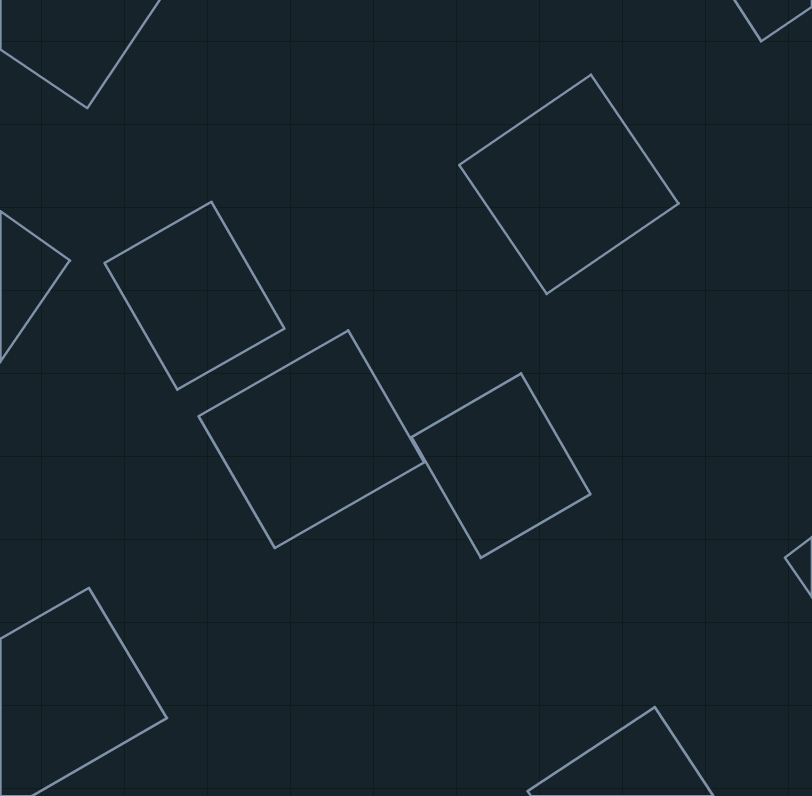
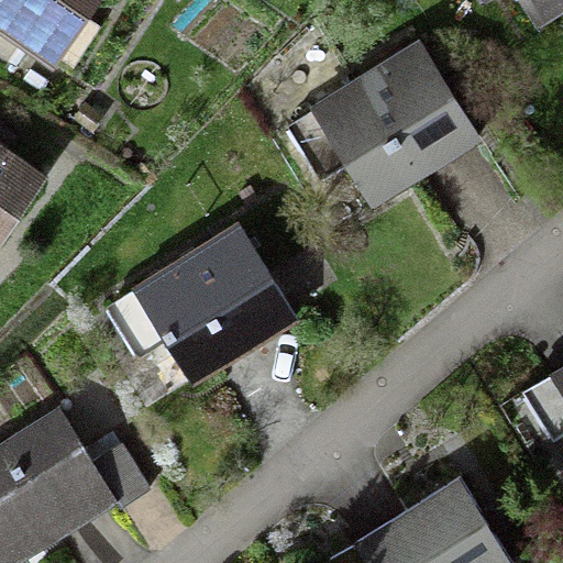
building: [105,202,284,390] -> none
building: [411,373,590,558] -> none

